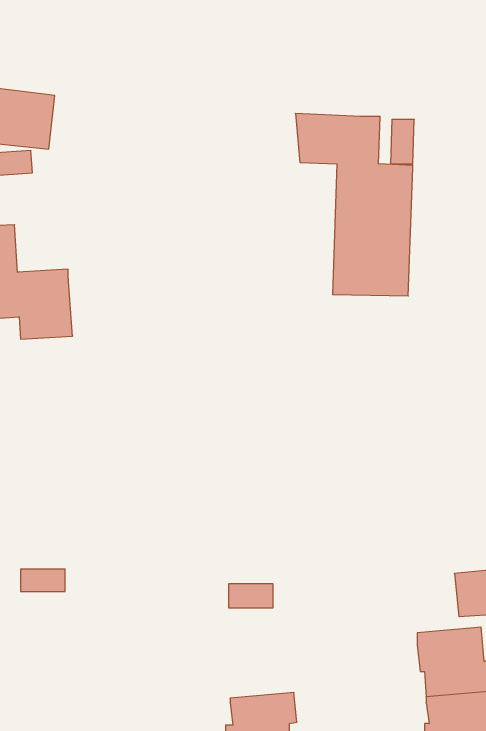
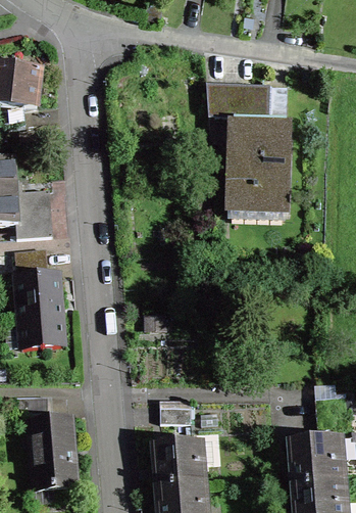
building: none -> [15,249,64,348]
building: none -> [31,417,74,491]
building: none -> [153,440,206,485]

